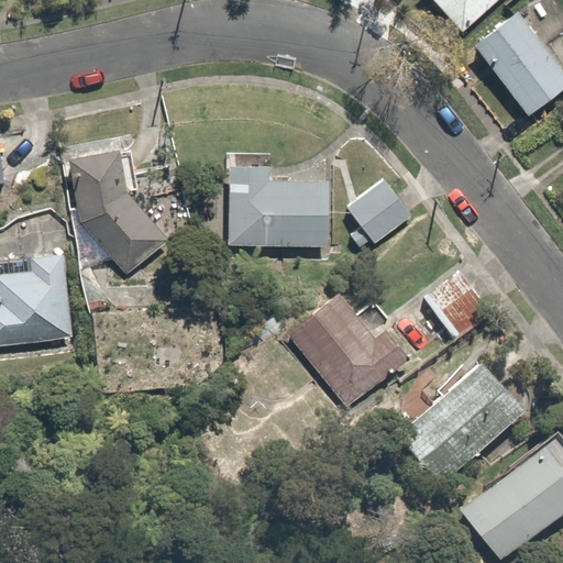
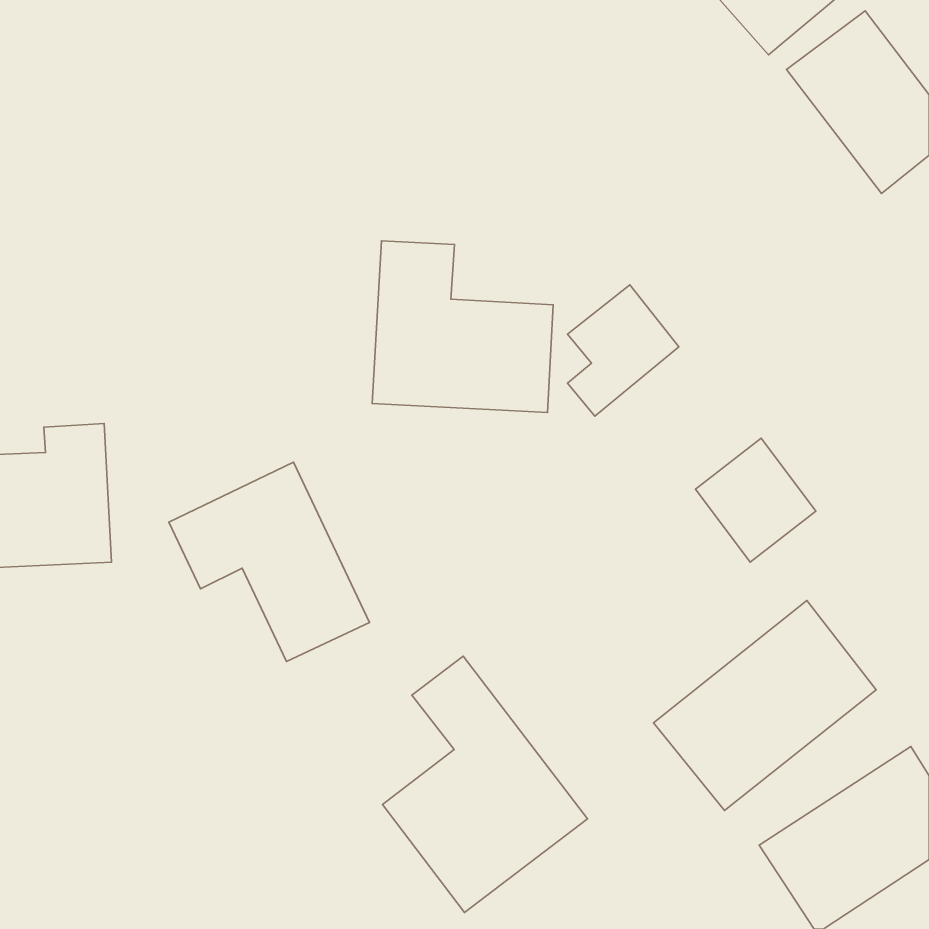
building: [71,153,166,265] -> none
building: none -> [169,462,369,661]
building: [283,288,416,408] -> none
building: none -> [382,656,588,912]

